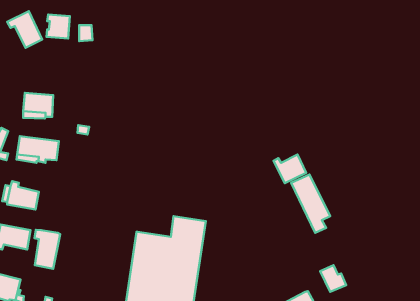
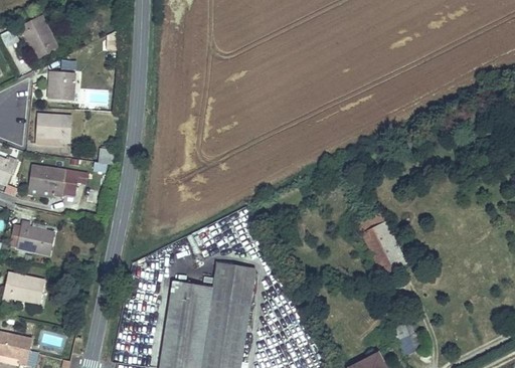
building: [46,14,70,39] -> [47,70,75,100]
building: [274,154,306,183] -> none
building: [34,230,60,269] -> none

